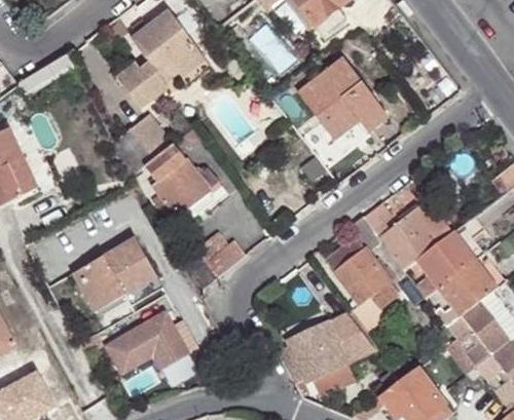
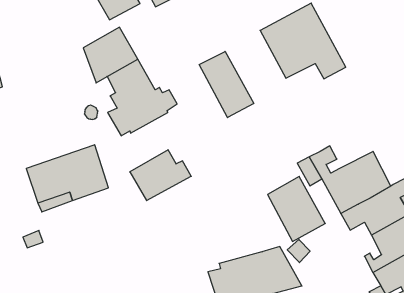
building: none -> [199,51,254,118]
building: [109,307,197,372] -> none

